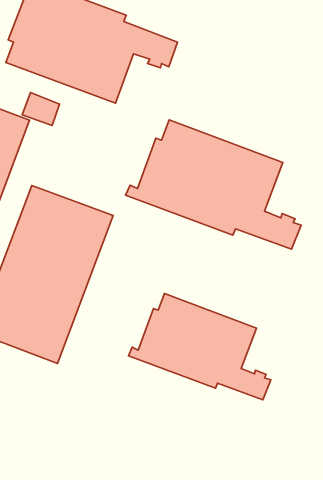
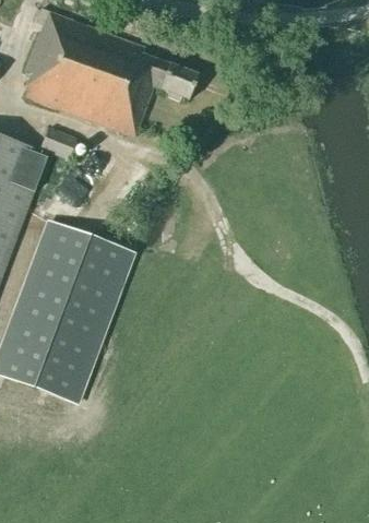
building: [126,120,301,249] -> none
building: [129,293,271,400] -> none

